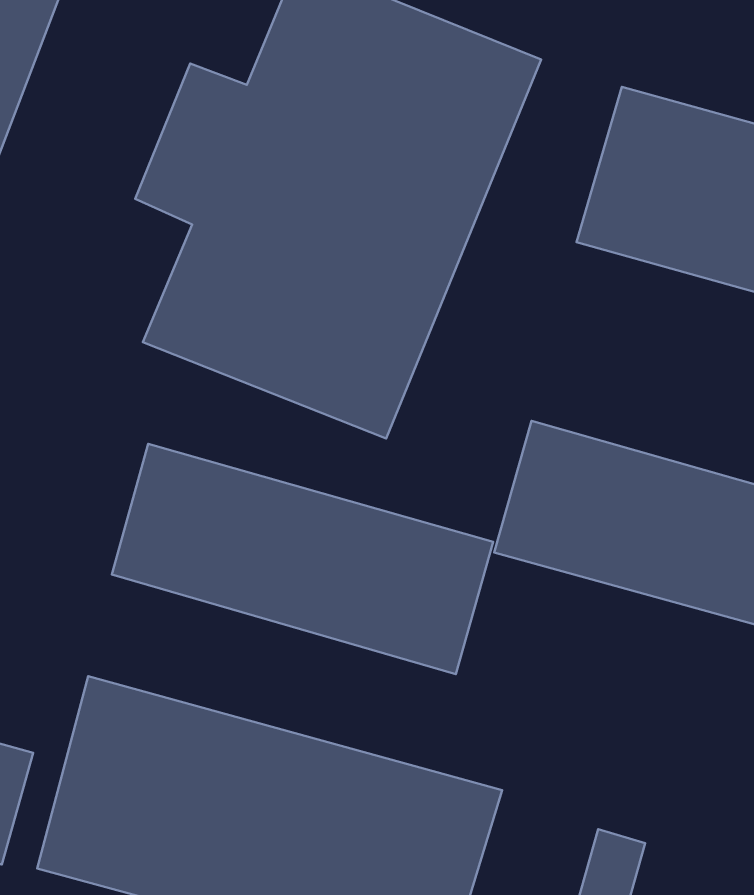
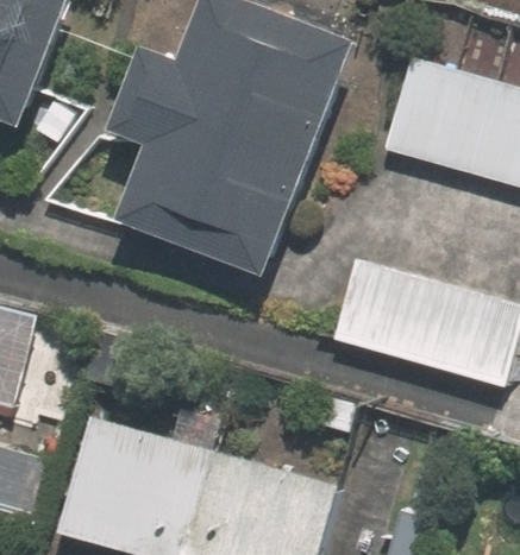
building: [112,444,493,674] -> none

